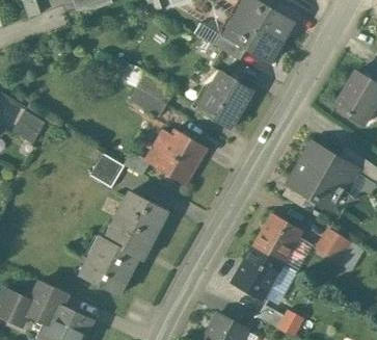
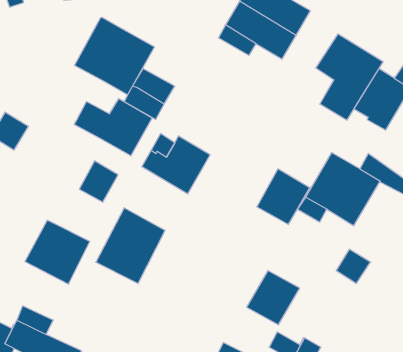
building: none -> [75,17,154,95]
building: none -> [316,34,383,120]
building: [199,73,253,129] -> none
building: none -> [74,99,152,156]
building: [255,215,302,264] -> [257,169,310,224]
building: [80,239,137,295] -> [25,220,90,284]

